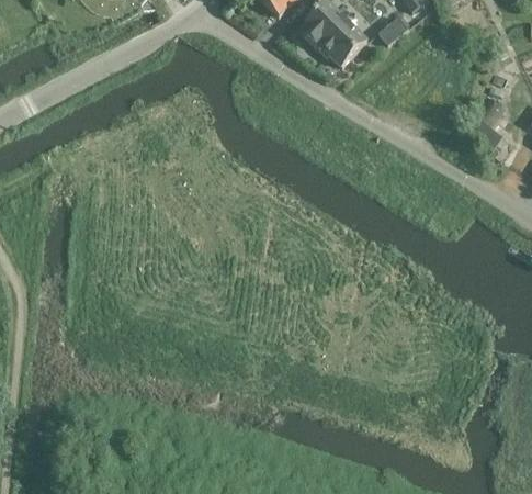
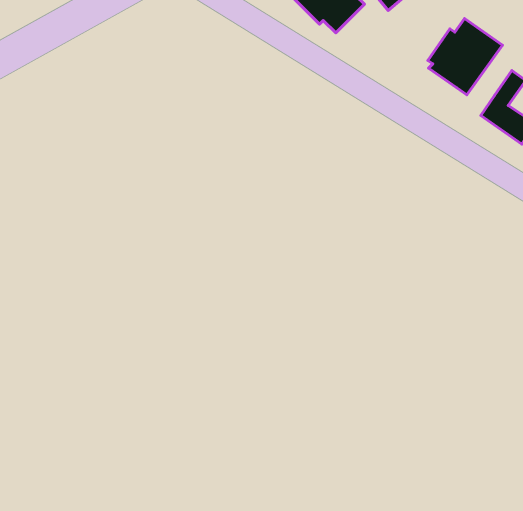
building: none -> [428,19,502,95]

